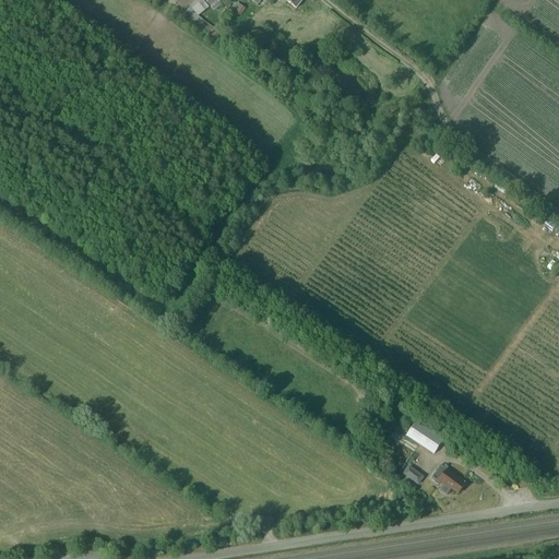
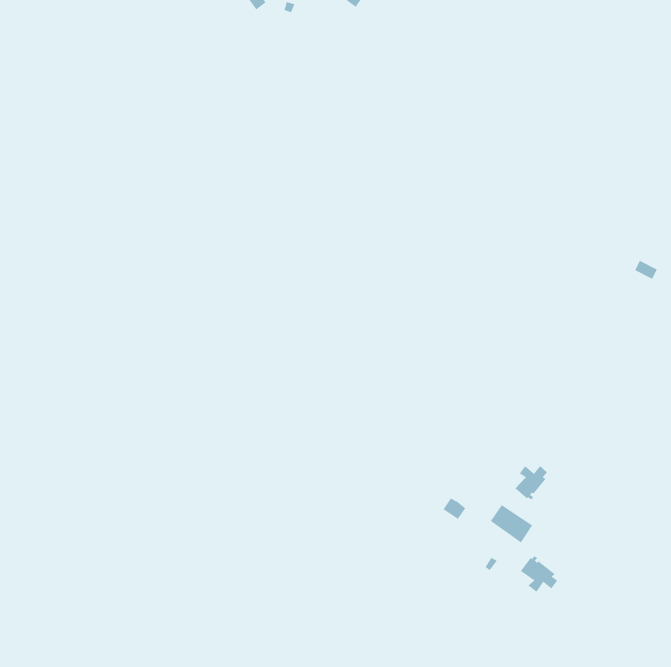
building: none -> [515,465,548,500]

